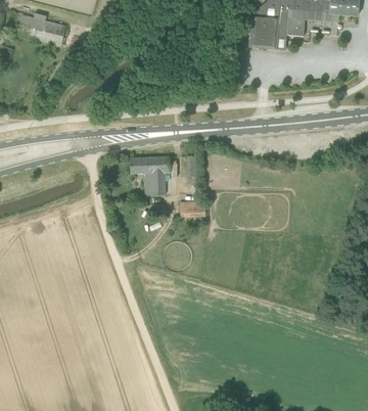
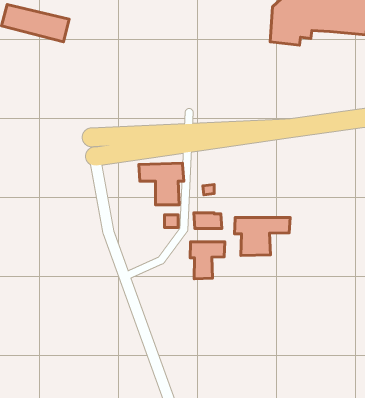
building: none -> [234,218,290,255]
building: none -> [190,242,225,279]

